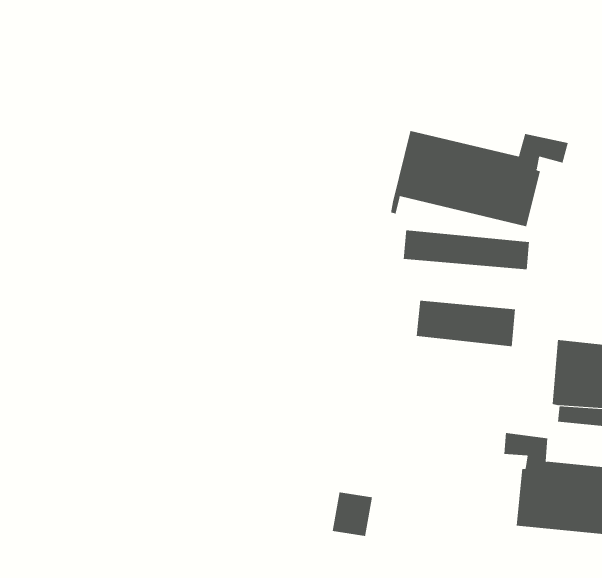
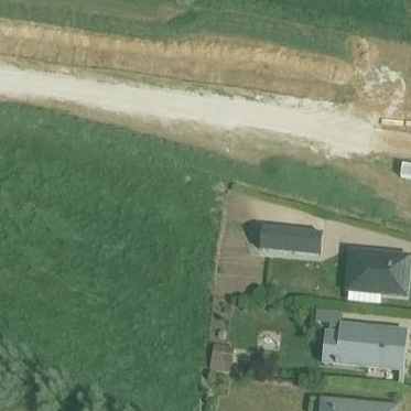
building: [390,130,568,227] -> none
building: [403,229,530,270] -> none

